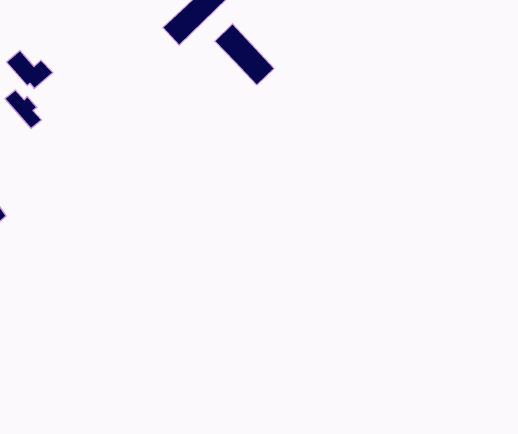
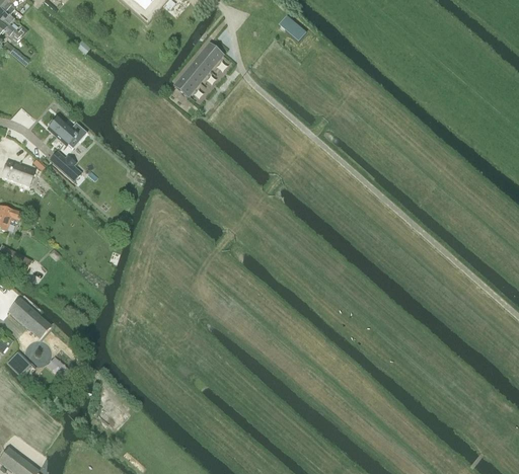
building: [215,24,274,85] -> none

